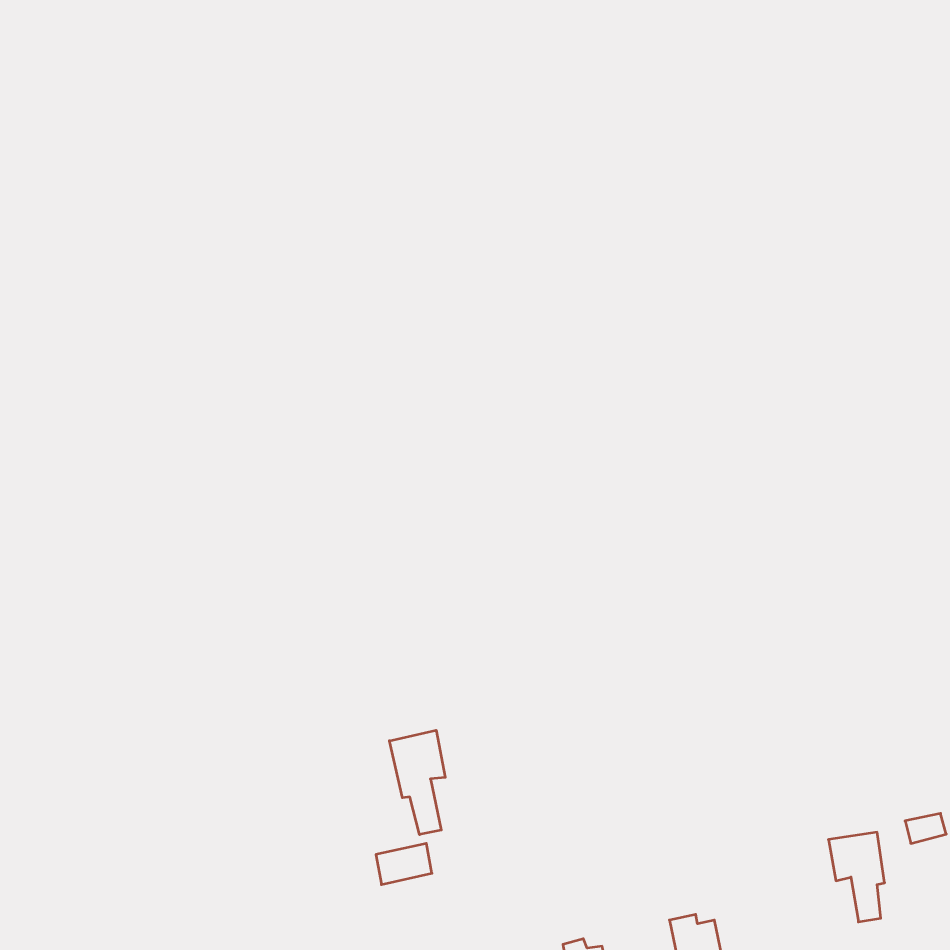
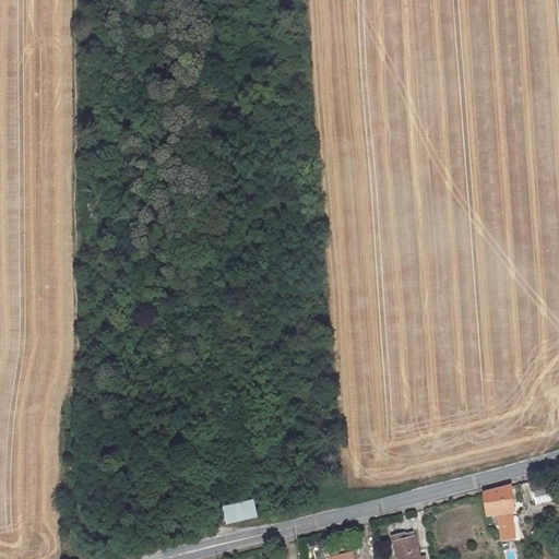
building: [389,730,445,835] -> none

